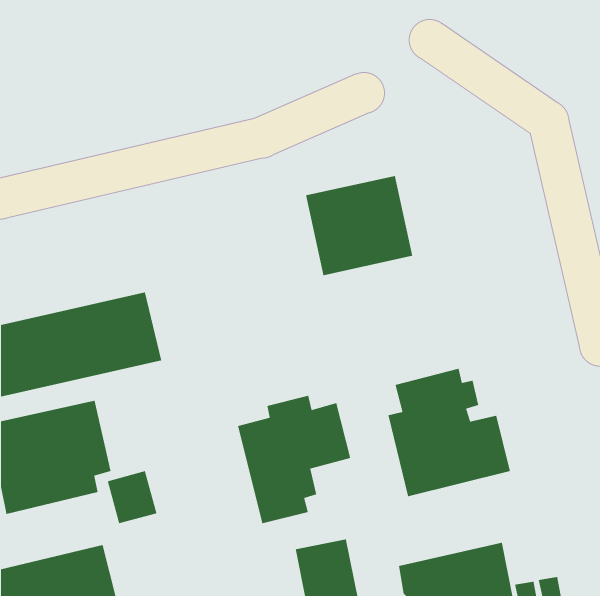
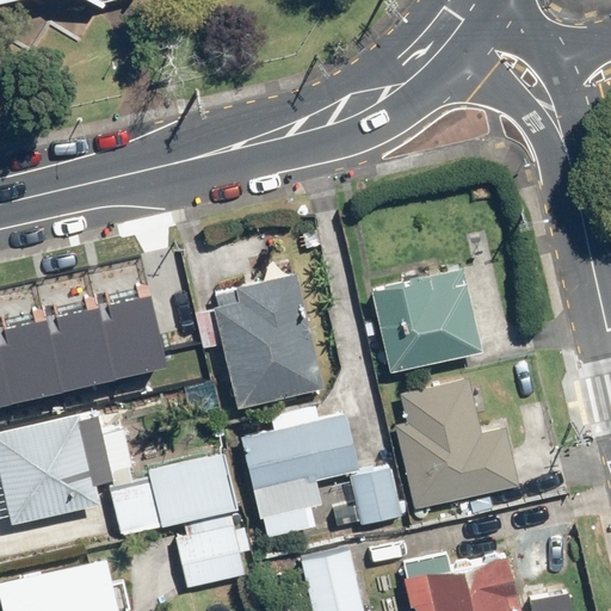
building: [305,175,413,276] -> [371,267,481,370]
building: none -> [210,272,325,407]
building: none -> [146,452,239,526]
building: none -> [348,464,408,526]
building: none -> [173,524,251,590]

